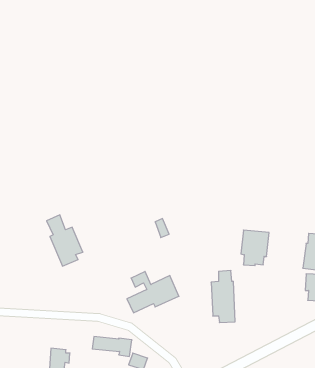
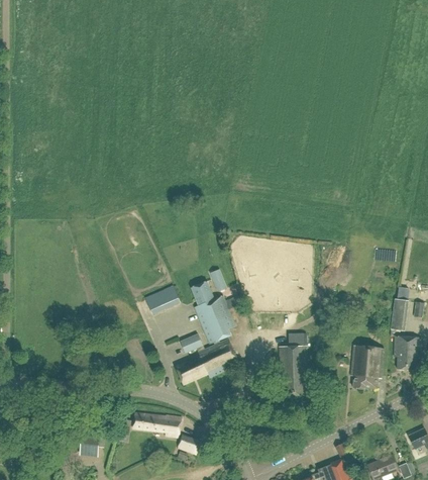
building: [47,215,83,266] -> [191,281,235,344]
building: [241,230,269,266] -> [350,346,385,389]
building: none -> [145,285,181,314]

